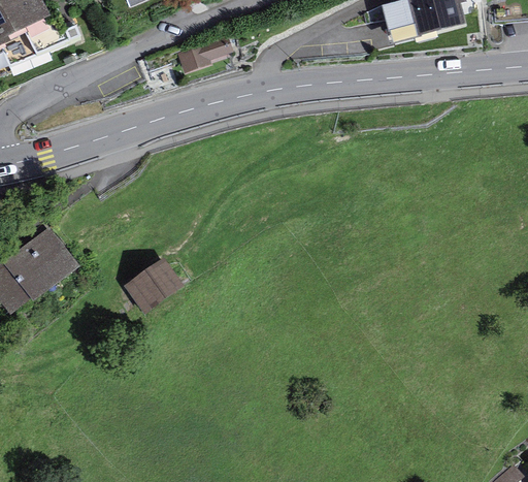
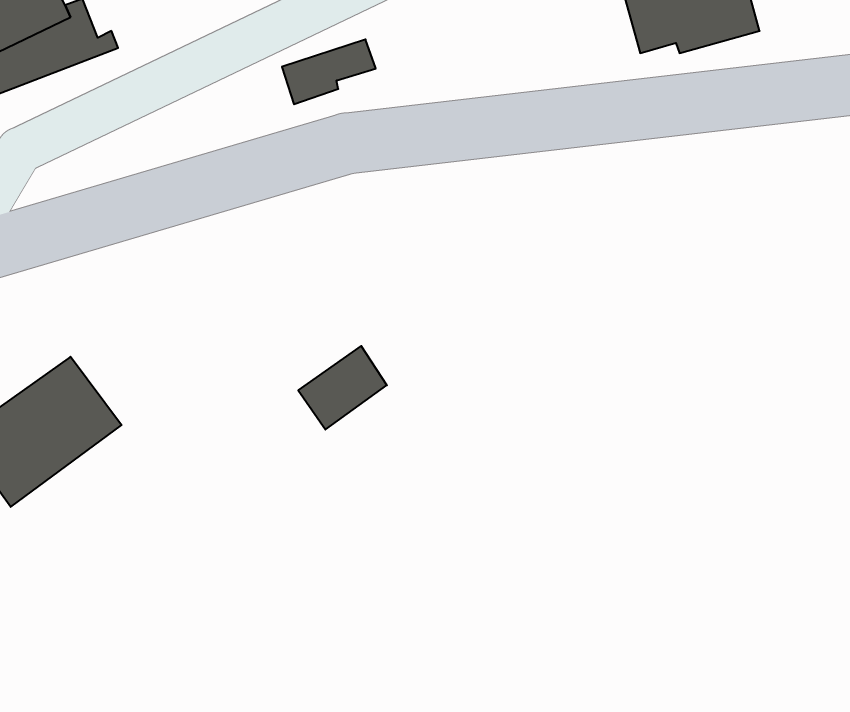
building: [123,257,176,308] -> [298,346,387,430]

